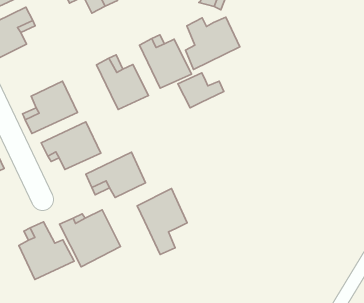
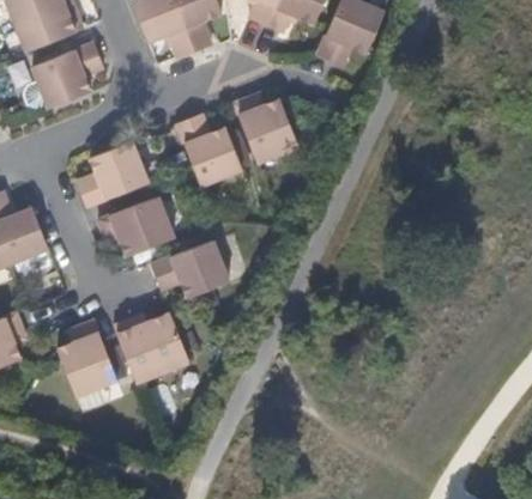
building: [185,17,240,69] -> none
building: [178,73,224,108] -> none
building: [137,188,187,254] -> none

